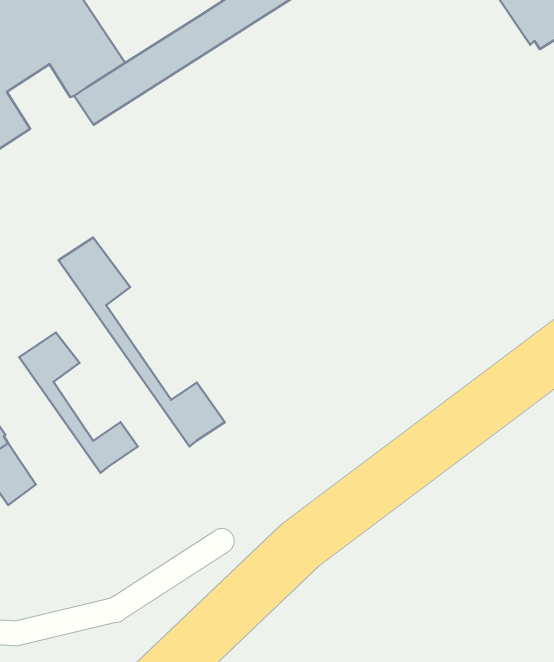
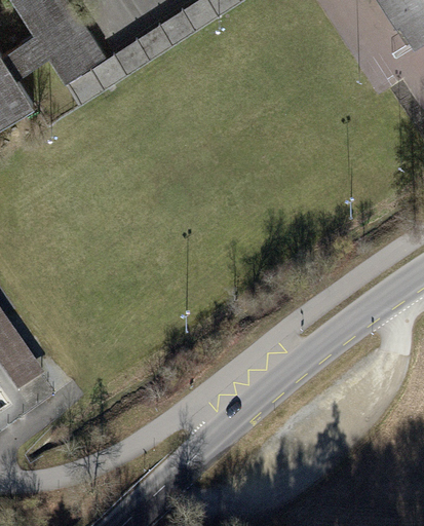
building: [58,237,225,447] -> none
building: [19,332,138,473] -> none

